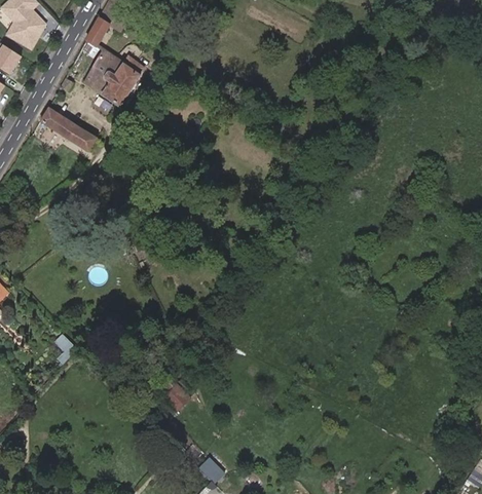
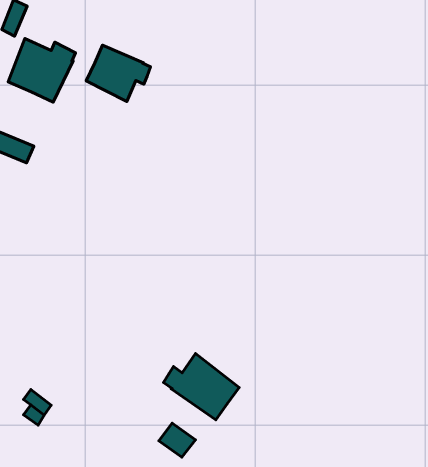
building: none -> [86,45,151,101]
building: none -> [164,354,239,420]

